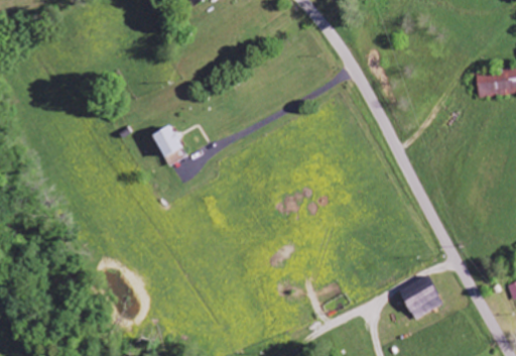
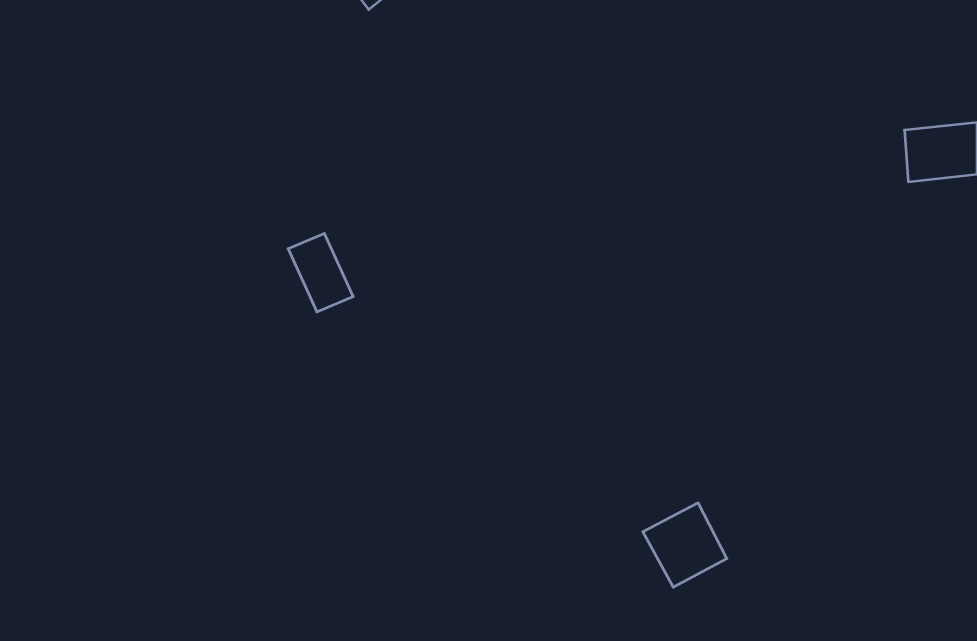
building: [398,275,442,320] -> [643,503,727,587]

